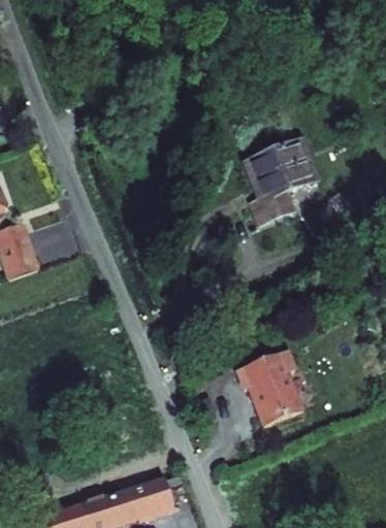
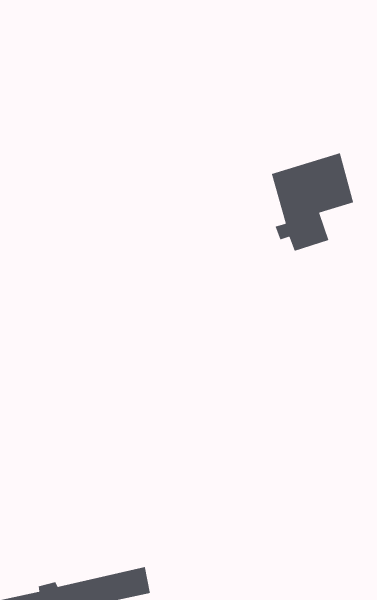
building: [234,343,300,419] -> none

